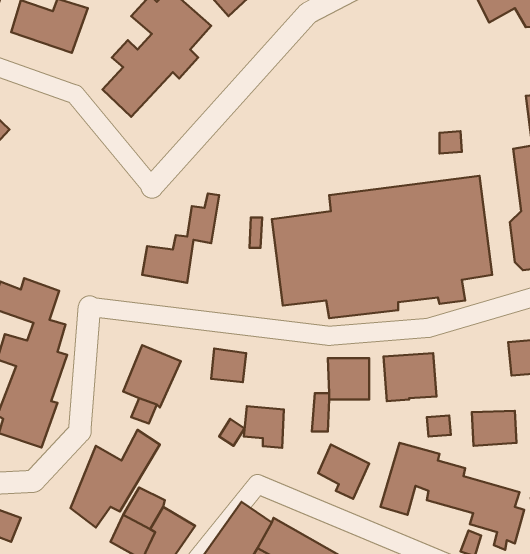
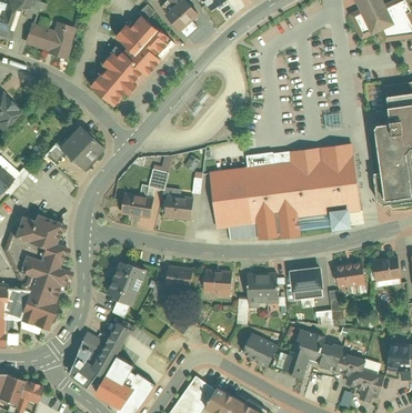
building: none -> [59,127,104,172]
building: none -> [165,189,195,221]
building: [244,406,284,448] -> [204,269,232,298]
building: [472,411,517,446] -> [335,264,366,289]

